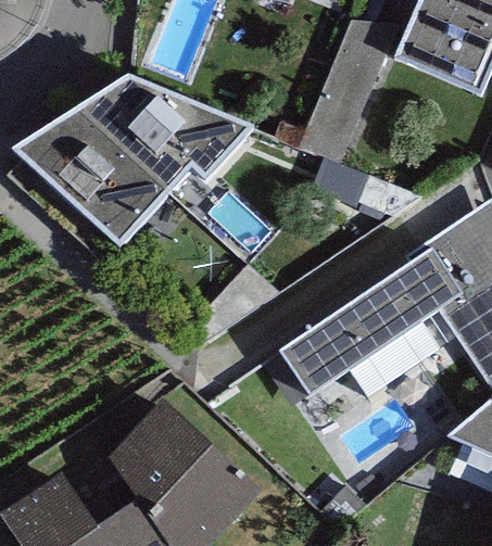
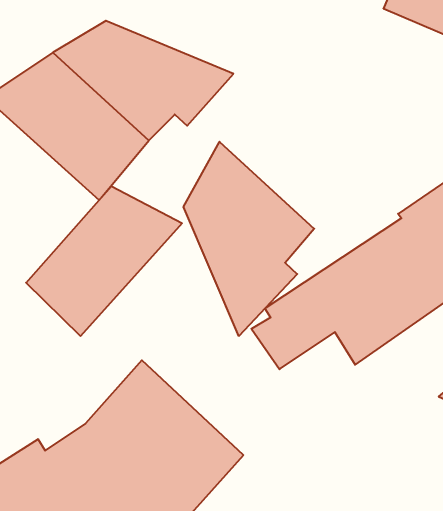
building: none -> [184,142,314,336]
building: none -> [26,186,182,336]

